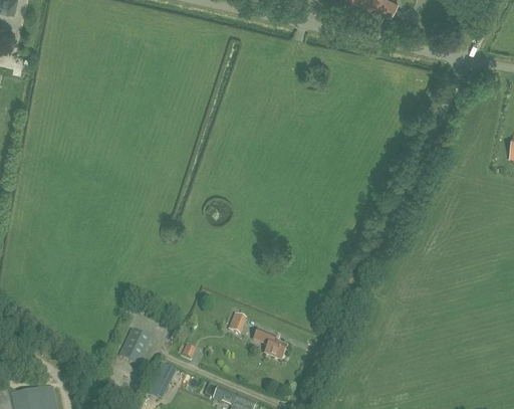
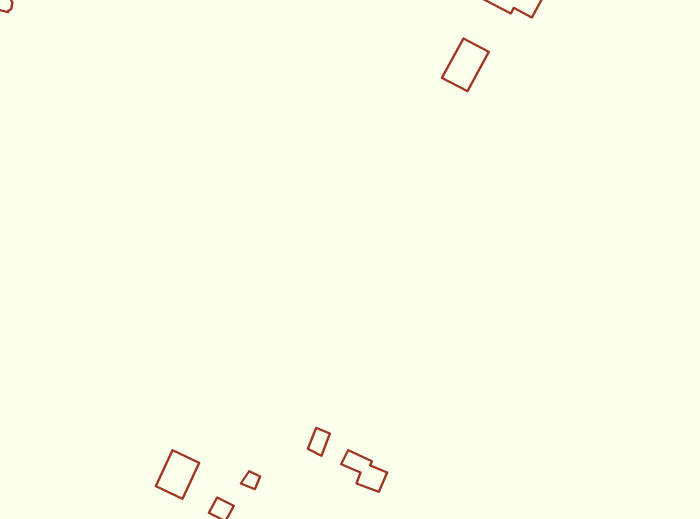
building: none -> [442,38,489,91]

